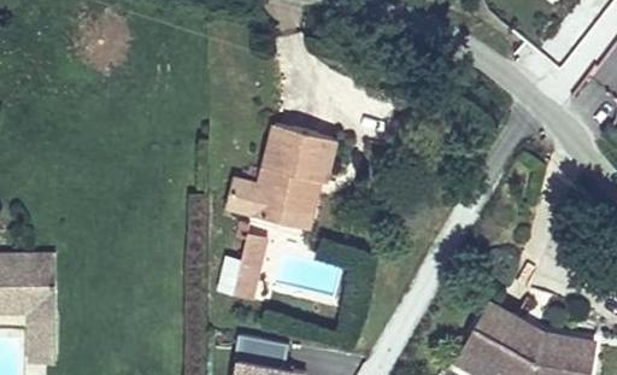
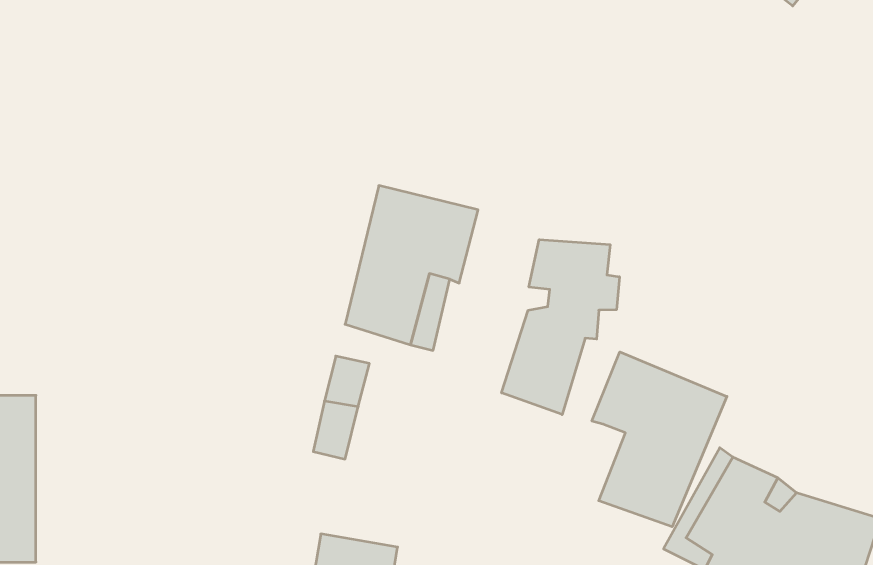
building: none -> [502,240,619,415]
building: none -> [592,352,727,527]

